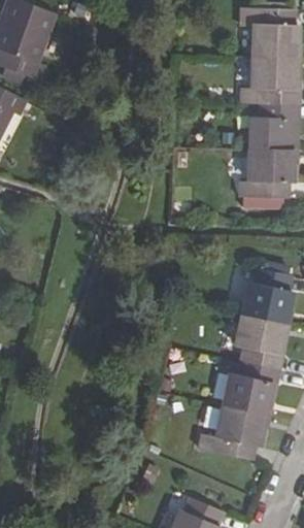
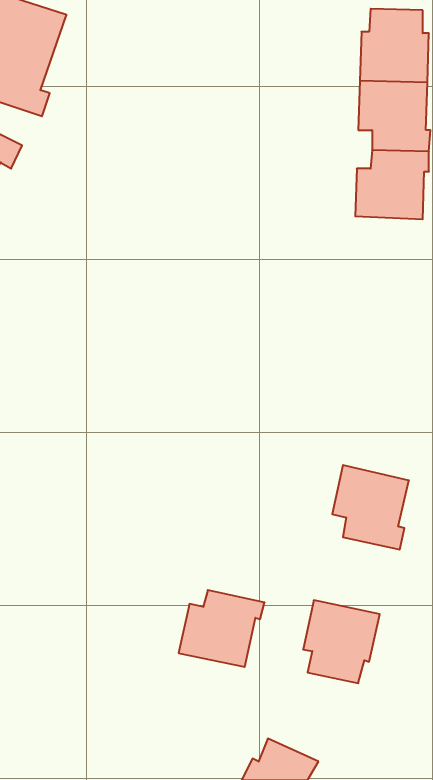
building: [238,147,295,199] -> none
building: [241,269,293,325] -> none
building: [222,363,279,415] -> [179,590,265,667]

